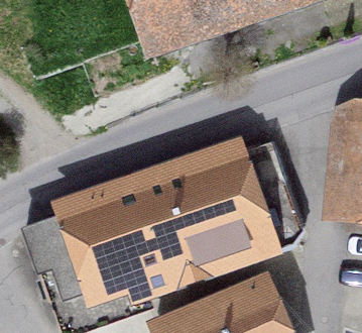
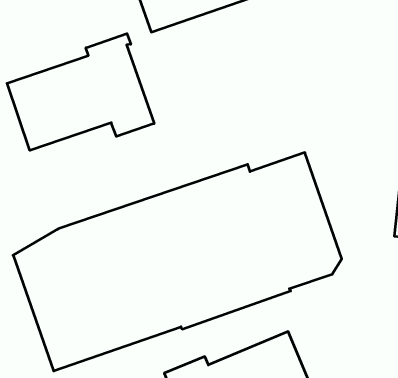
building: none -> [7,34,154,150]

